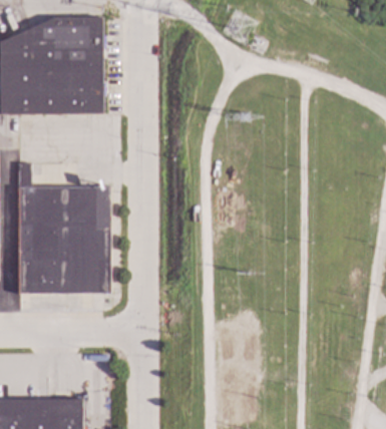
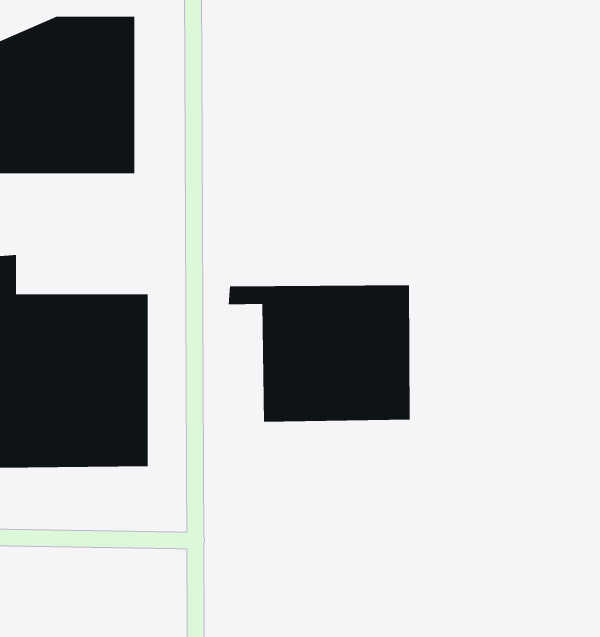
building: none -> [228,285,410,423]

